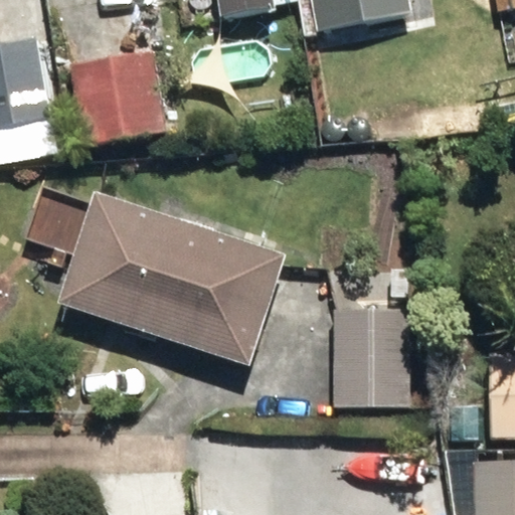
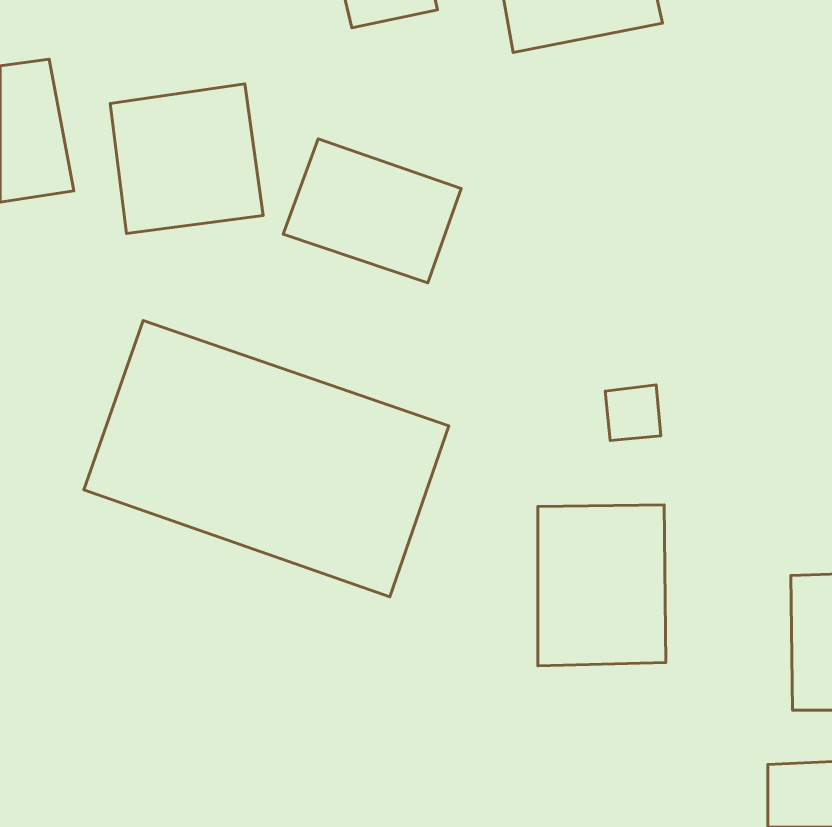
building: none -> [283,139,461,283]

